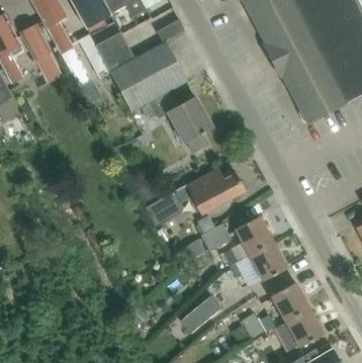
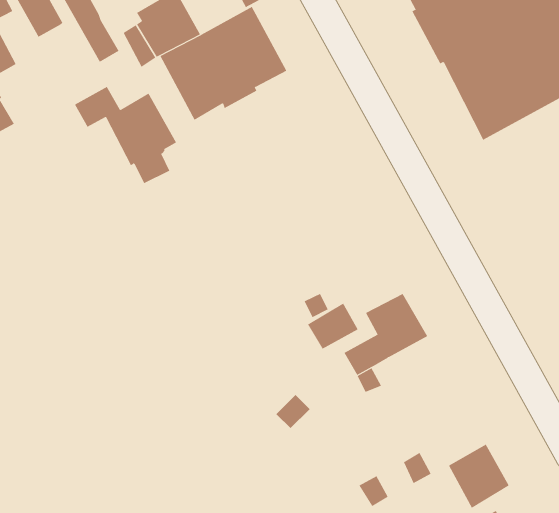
building: [150,93,212,153] -> [74,86,177,184]
building: [145,168,246,228] -> none
building: [250,243,287,281] -> none
building: [271,282,309,322] -> none
building: [180,294,221,333] -> none

